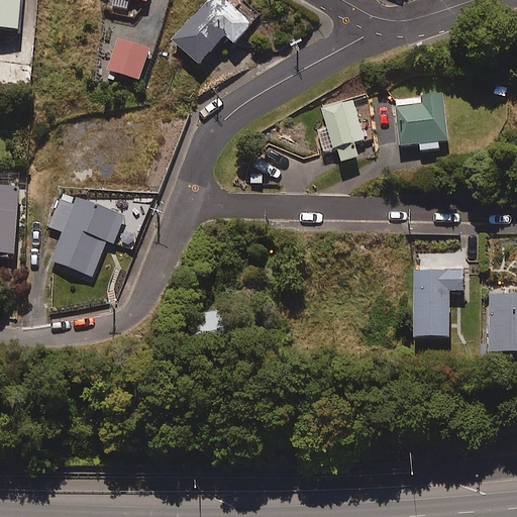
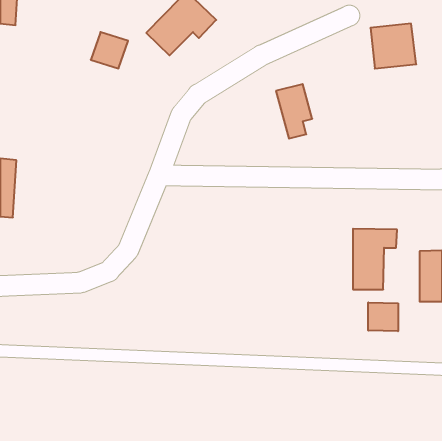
building: [395,92,448,144] -> [370,24,416,69]
building: [50,194,126,276] -> none
building: none -> [368,302,398,331]

